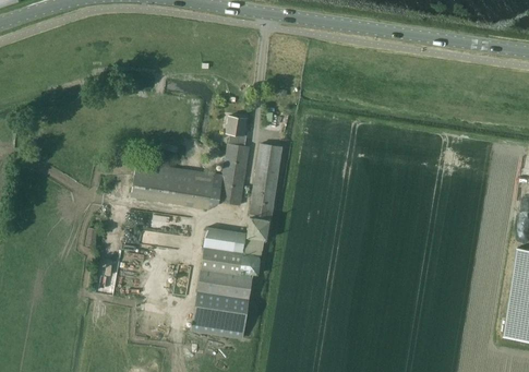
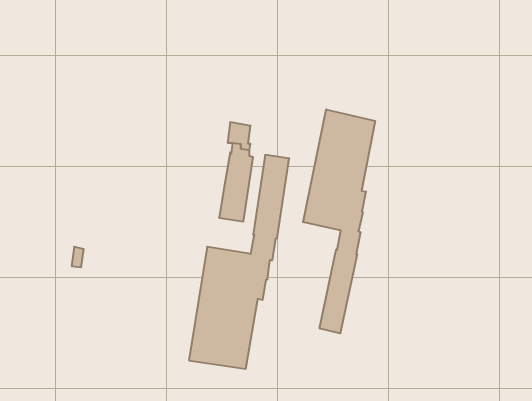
building: none -> [303,109,375,333]
building: [131,161,215,208] -> none

